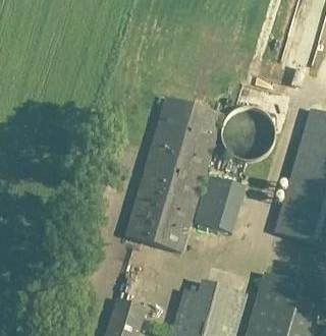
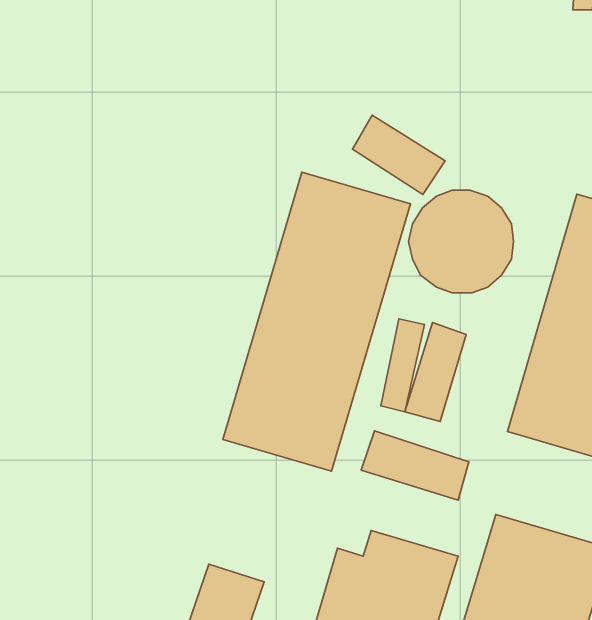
building: none -> [353,115,445,195]
building: none -> [361,431,469,500]

